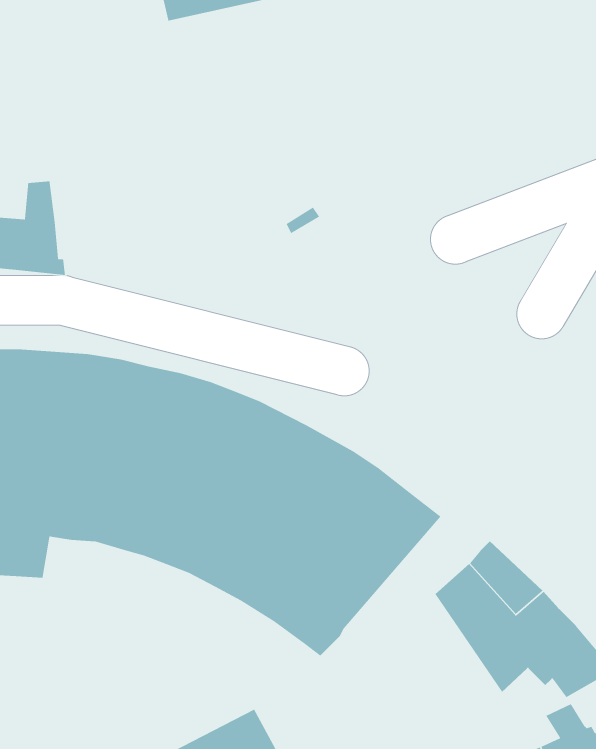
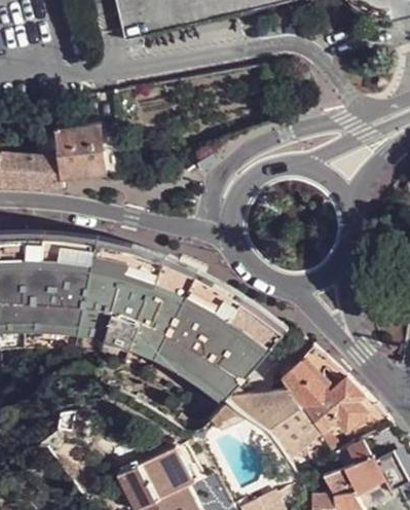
building: none -> [52,121,104,177]
building: none -> [225,389,319,462]

